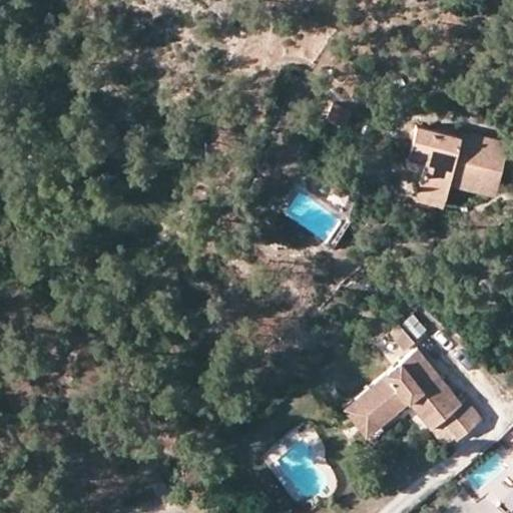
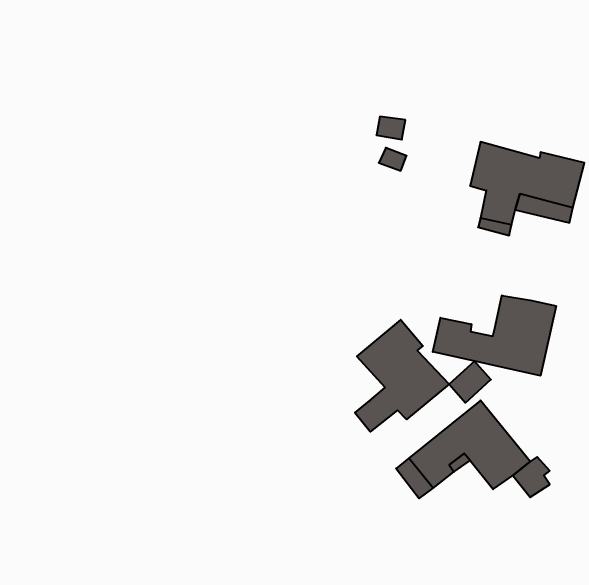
building: none -> [433,295,556,376]
building: none -> [355,320,449,432]

